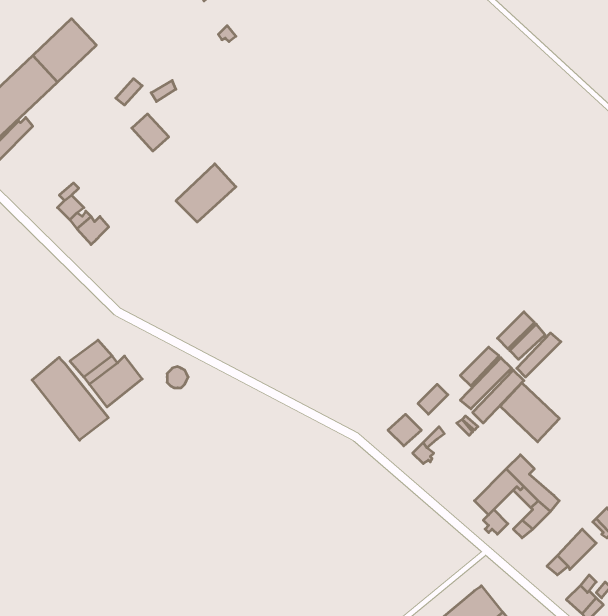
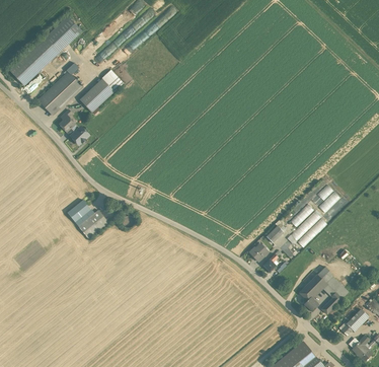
building: none -> [37,71,80,115]
building: [176,164,236,222] -> [79,78,113,112]
building: [32,357,108,440] -> none
building: [500,383,559,442] -> none

